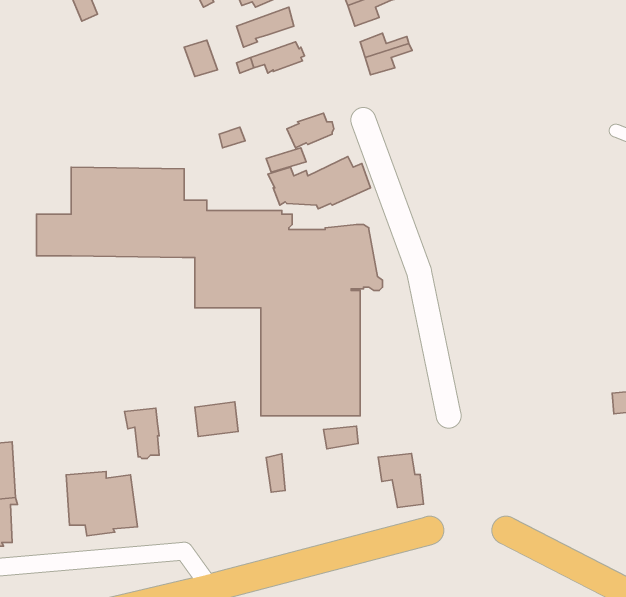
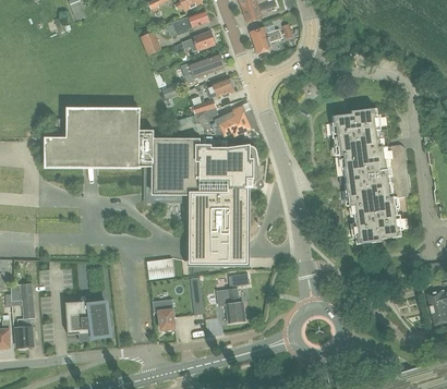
building: none -> [180,51,224,83]
building: none -> [331,107,410,244]
building: [124,408,159,458] -> [152,299,173,330]
building: [378,454,424,508] -> [216,288,244,321]

